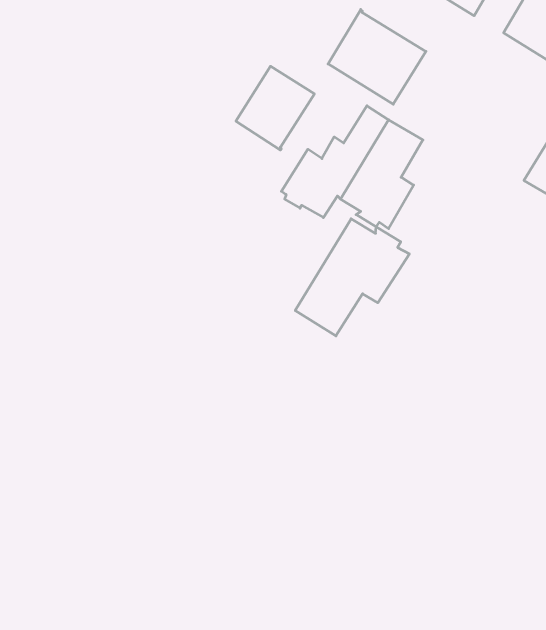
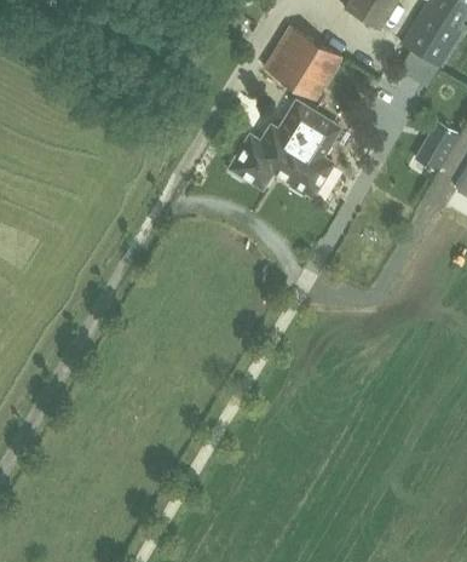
building: [236,66,314,150] -> none
building: [295,219,409,336] -> none

